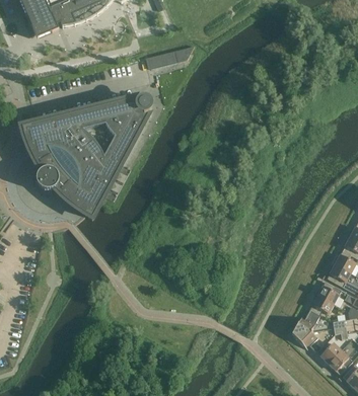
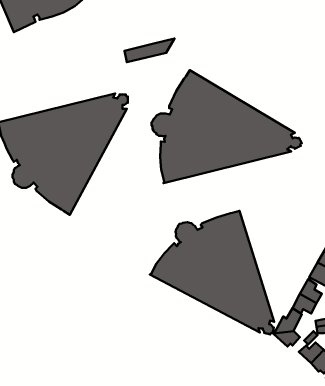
building: none -> [151,70,302,183]
building: none -> [150,211,274,334]

